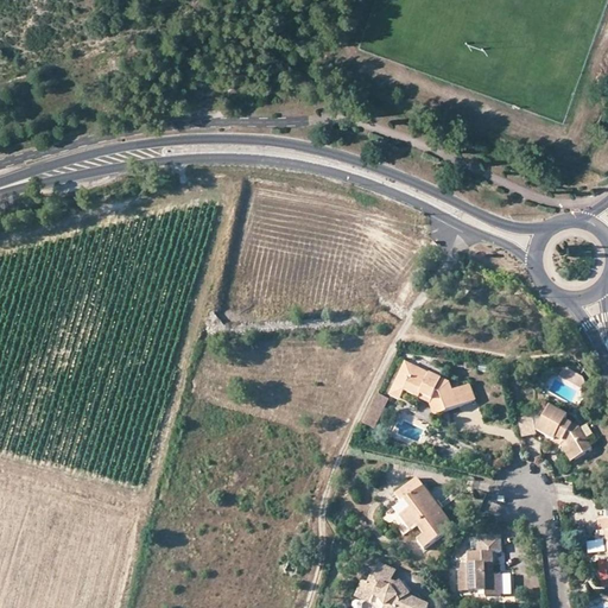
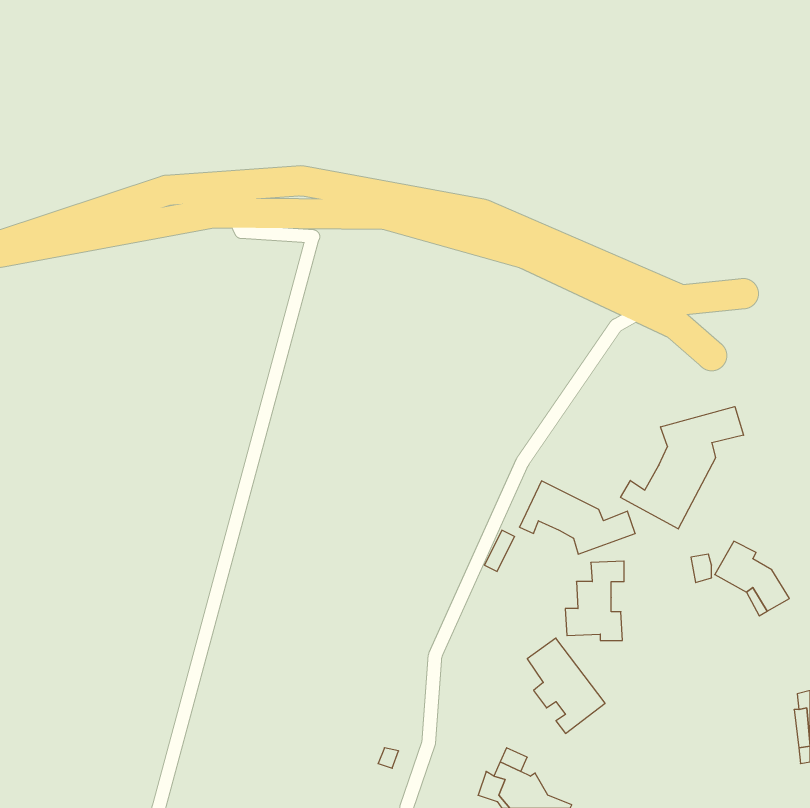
building: none -> [621,407,744,529]
building: [460,533,504,593] -> [565,561,624,640]

